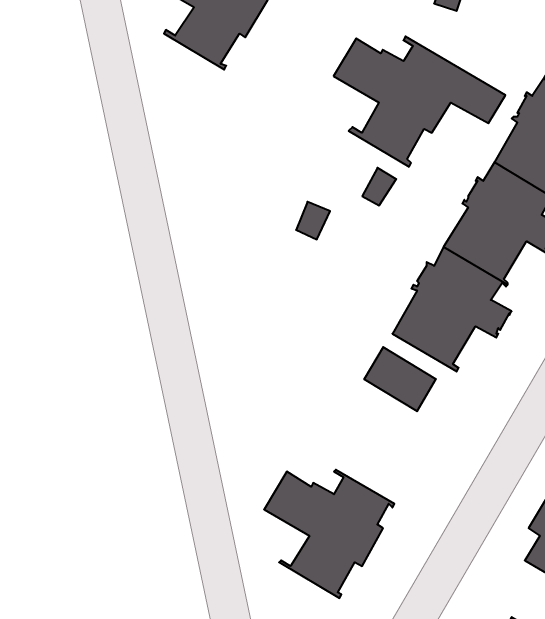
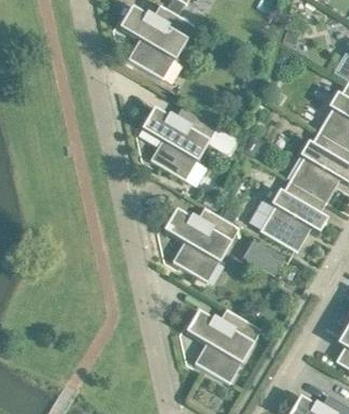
building: [334,36,505,167] -> [141,105,240,180]
building: none -> [164,205,239,281]

